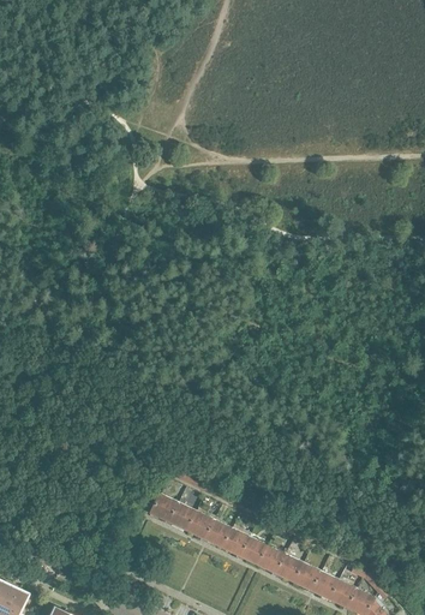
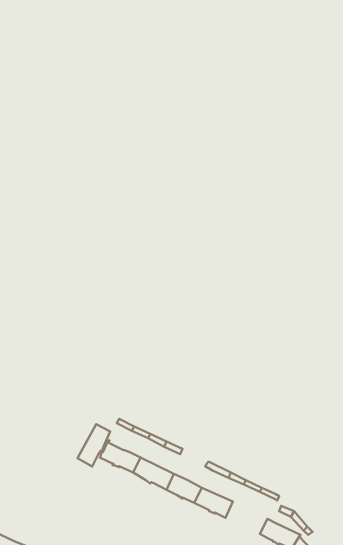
building: none -> [78,424,110,466]
building: [289,561,336,597] -> none

